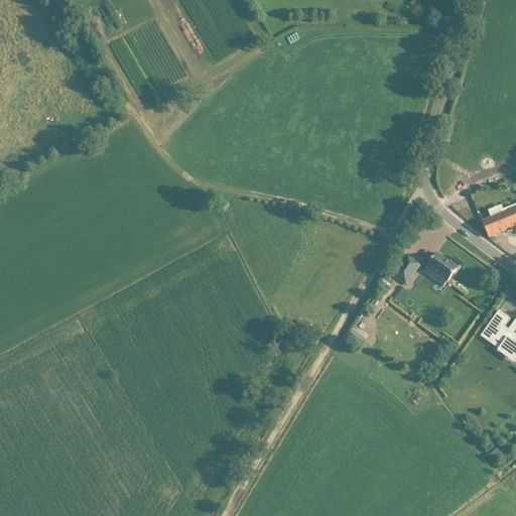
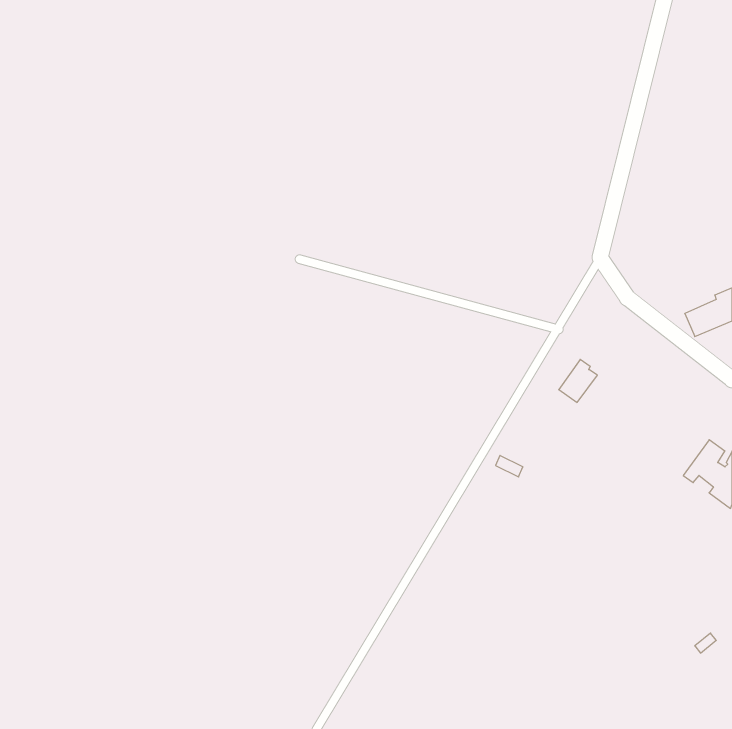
building: [426,251,459,284] -> none

